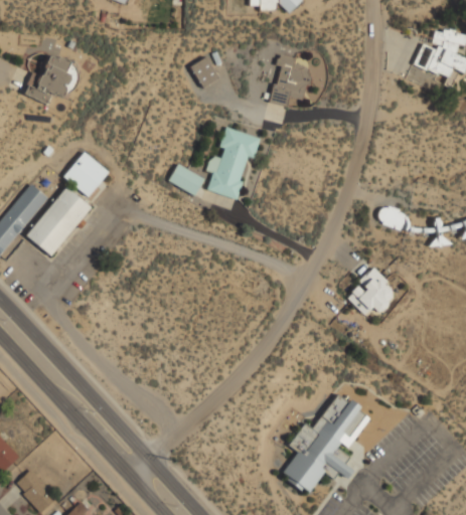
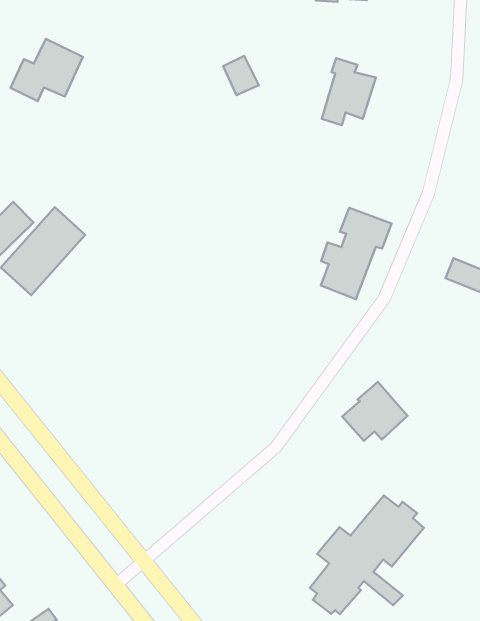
building: [206,127,260,198] -> [321,208,392,299]
building: [63,151,109,196] -> none
building: [168,163,204,194] -> none
building: [346,267,398,314] -> [342,382,408,441]

